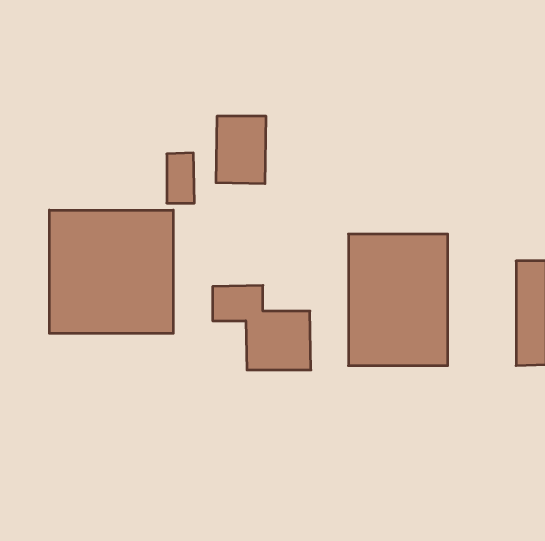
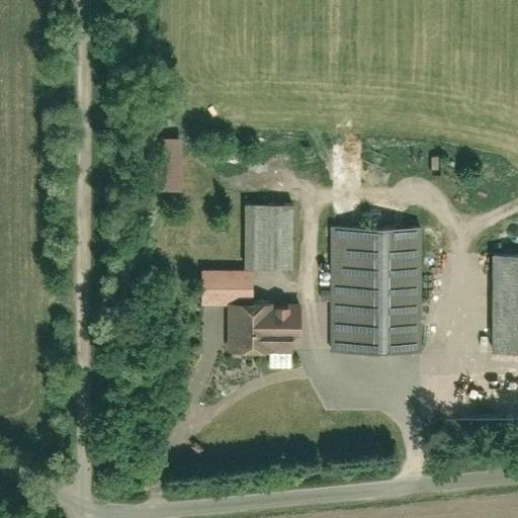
building: [216,116,266,184] -> [243,204,290,268]
building: [49,210,173,333] -> none

